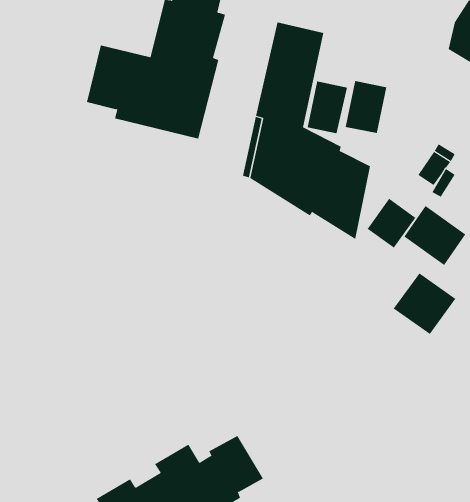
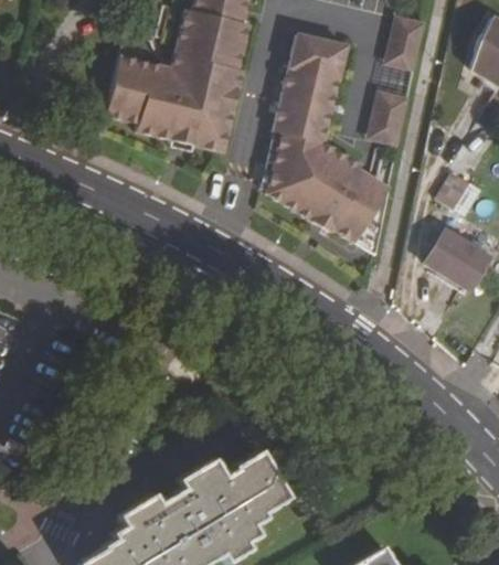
building: [307,81,348,134] -> [384,19,426,73]
building: [367,198,416,249] -> none
building: [393,272,456,335] -> none

